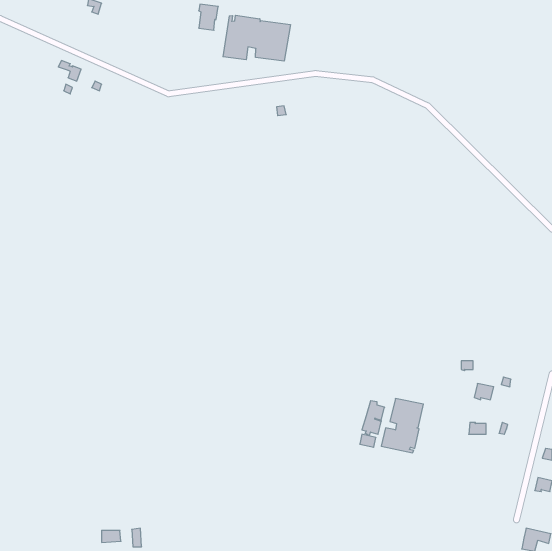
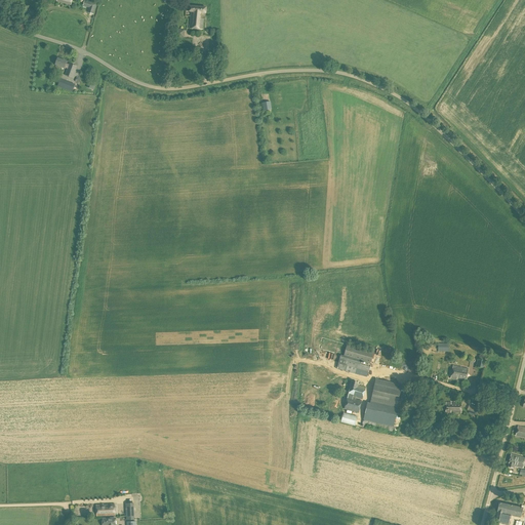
building: [223,15,290,61] -> none
building: none -> [337,344,373,375]

